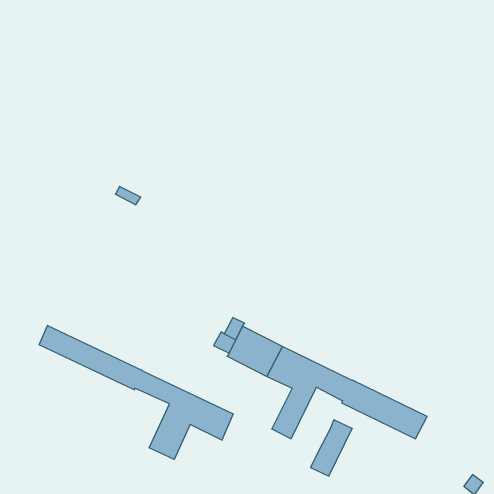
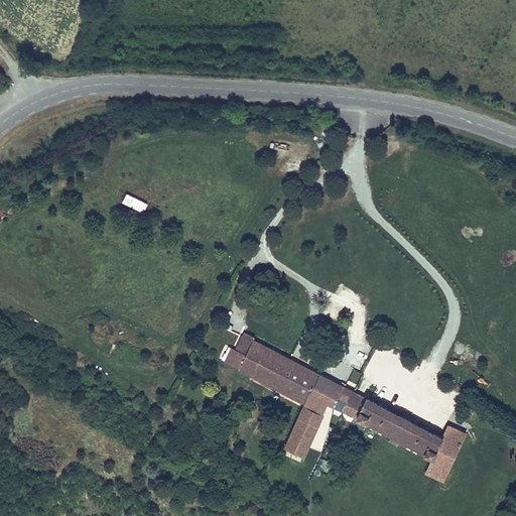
building: [39,325,233,459] -> none
building: [311,420,352,476] -> [423,424,467,483]

